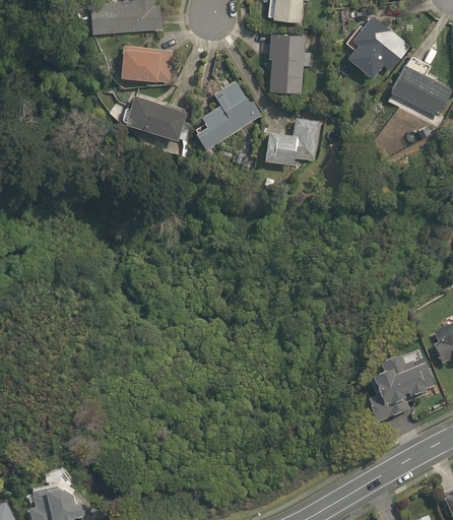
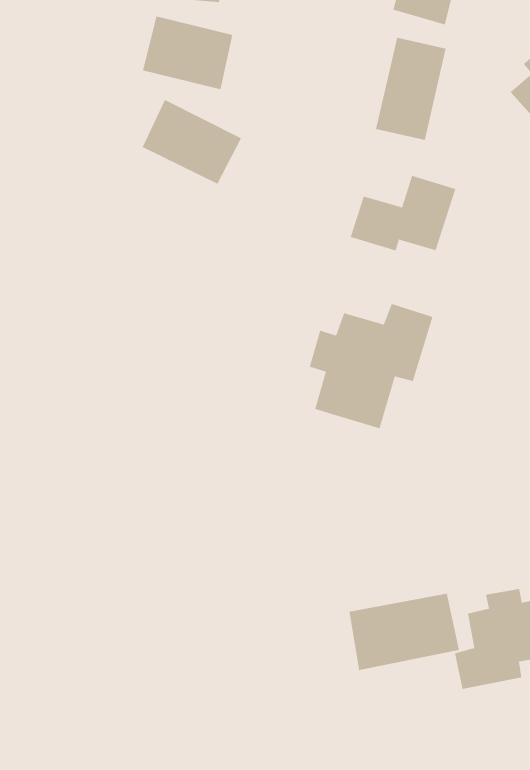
building: [193,80,263,150] -> none
building: none -> [309,303,433,429]
building: none -> [349,593,460,671]

